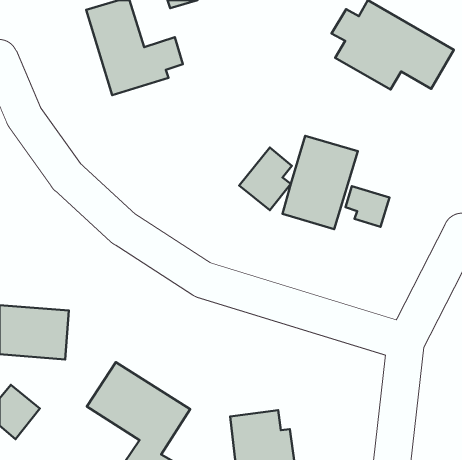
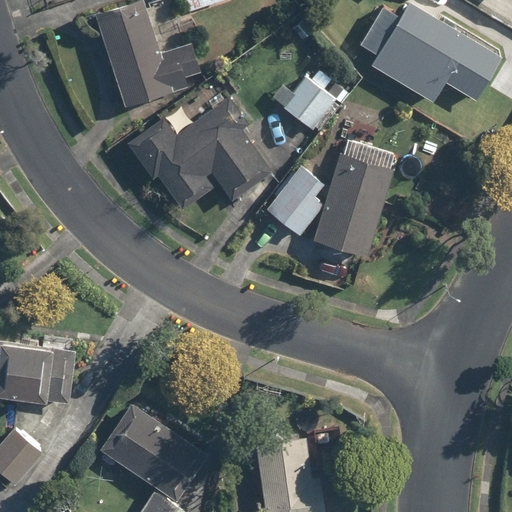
building: none -> [280,77,351,132]
building: none -> [125,78,273,211]
building: [346,186,390,227] -> none

